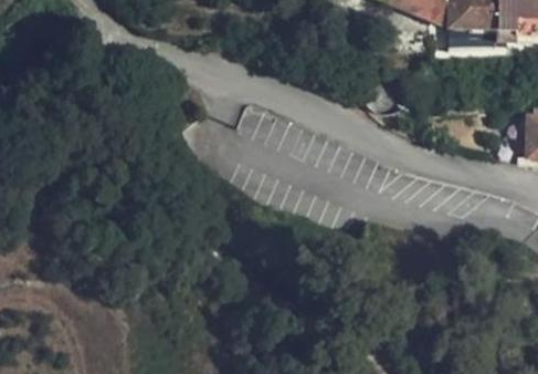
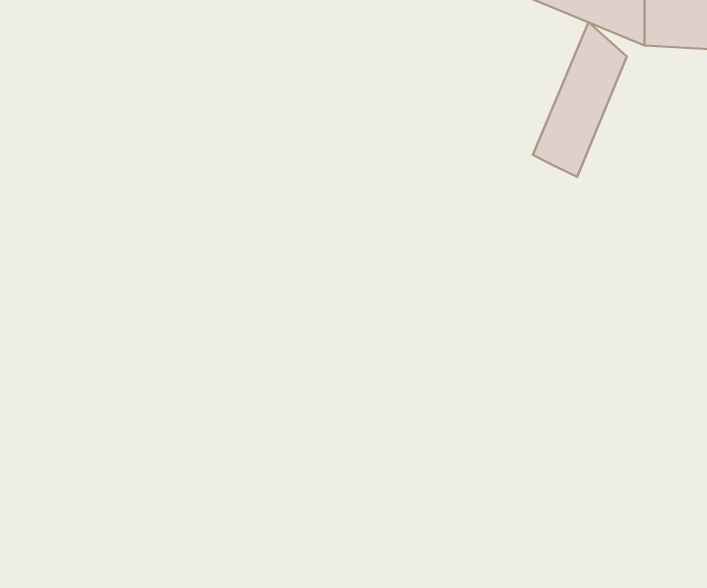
building: none -> [533,22,627,177]

